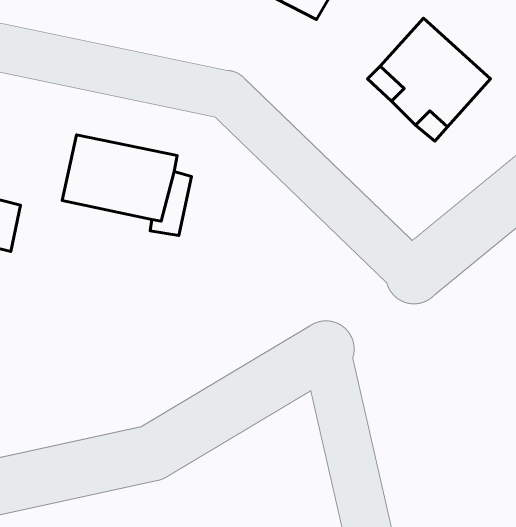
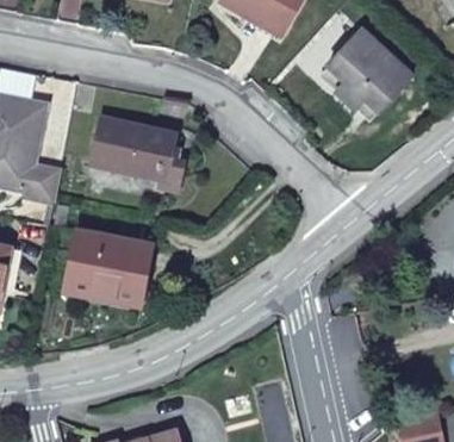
building: none -> [68,234,148,295]

